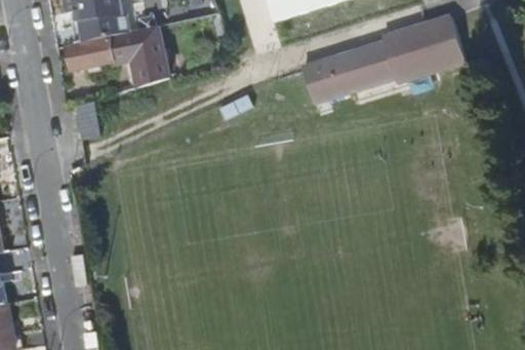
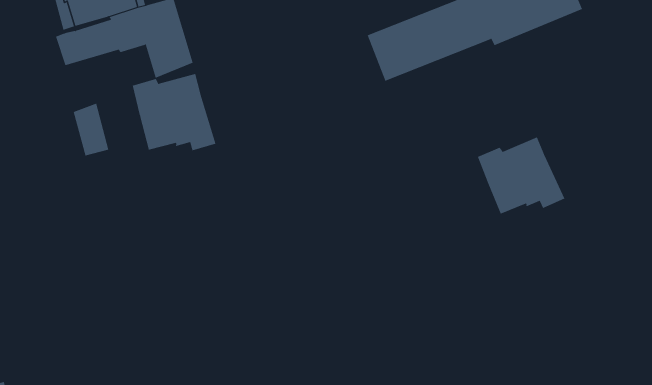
building: none -> [132,73,216,151]
building: none -> [477,136,565,214]

